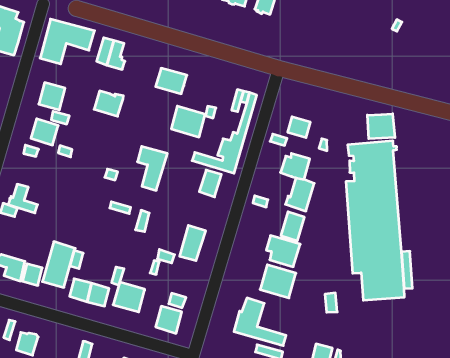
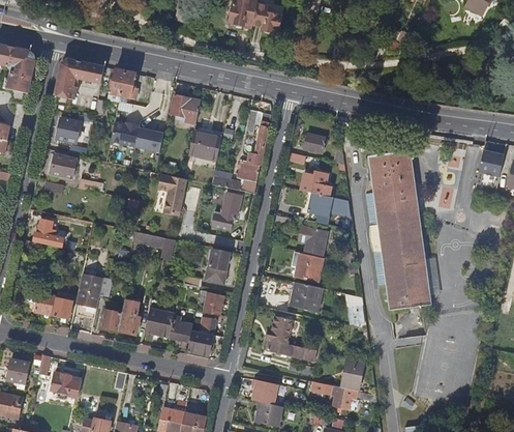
building: none -> [134,128,163,152]
building: [367,114,395,139] -> none
building: none -> [199,290,223,315]
building: none -> [170,316,192,342]

